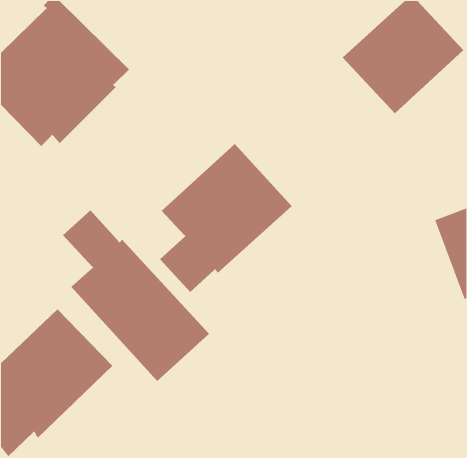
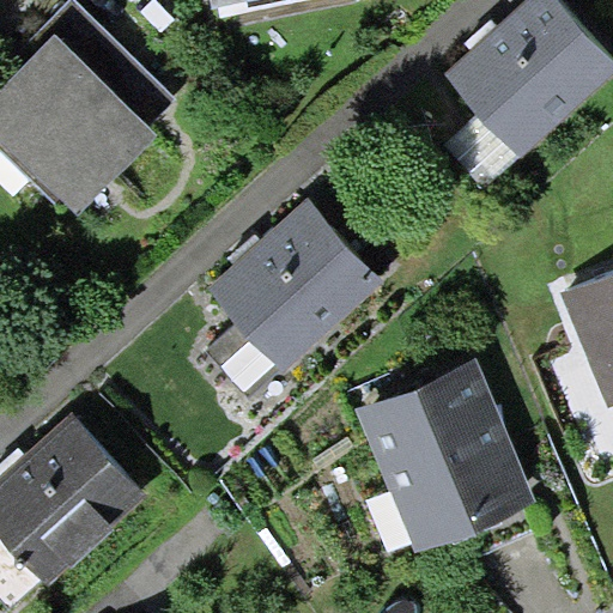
building: [62,209,210,382] -> none
building: none -> [354,360,532,550]

